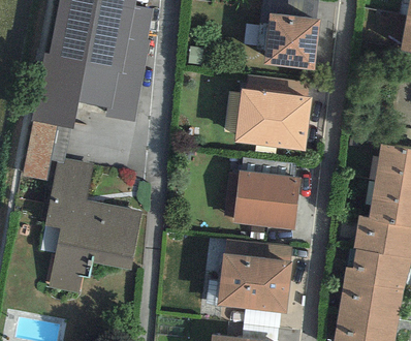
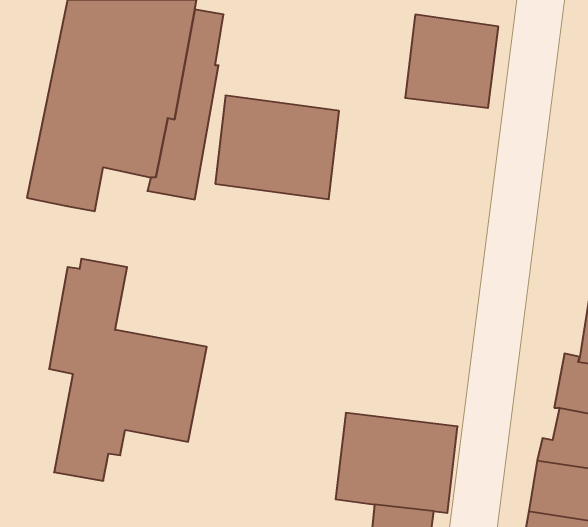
building: [234,86,310,149] -> [215,96,339,199]
building: [20,121,56,180] -> none
building: [232,169,298,228] -> none

